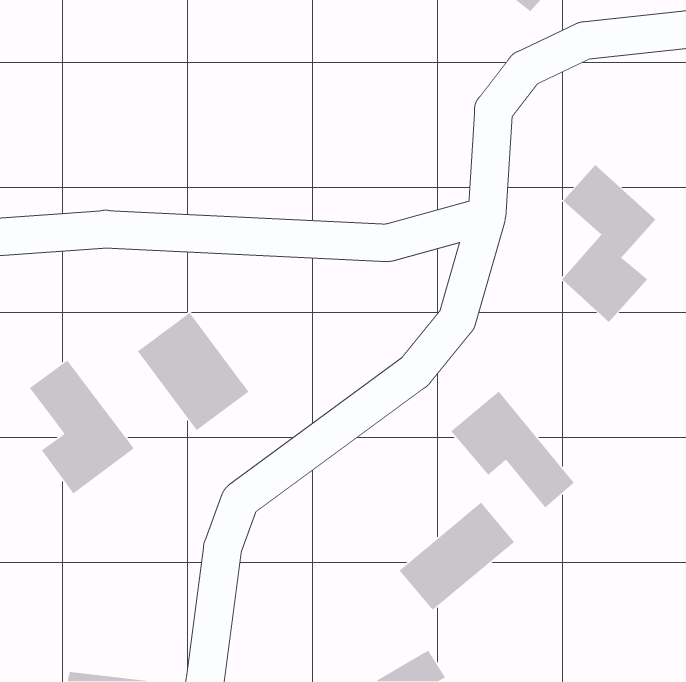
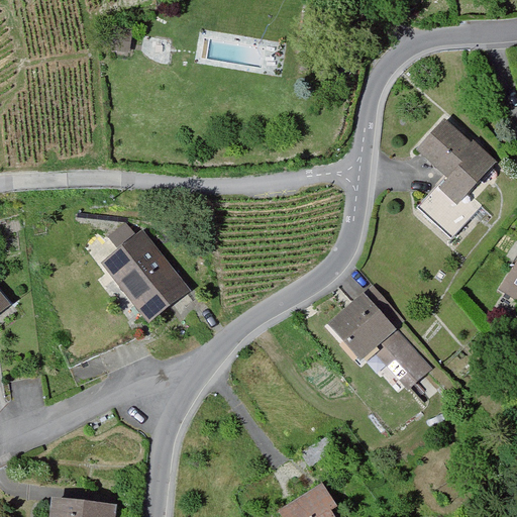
building: [29,360,135,495] -> none
building: [399,502,515,611] -> none

